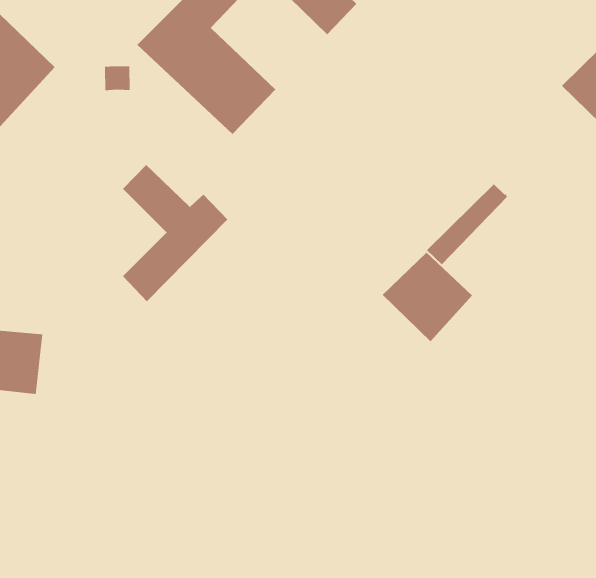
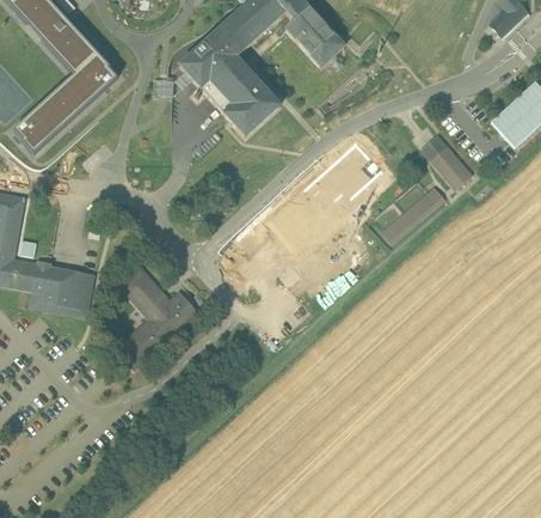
building: none -> [420,135,471,189]
building: [122,164,228,302] -> [116,266,197,367]
building: [382,252,473,342] -> none

